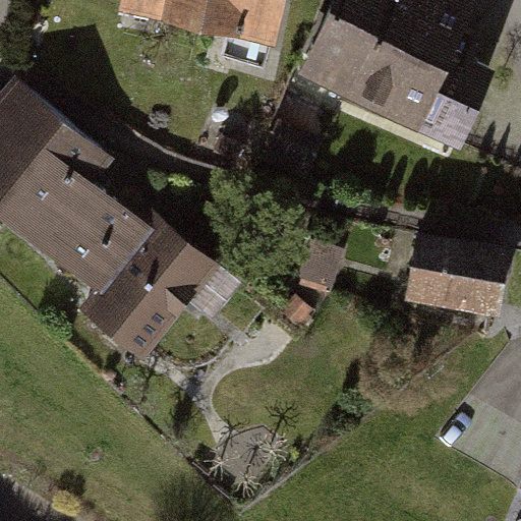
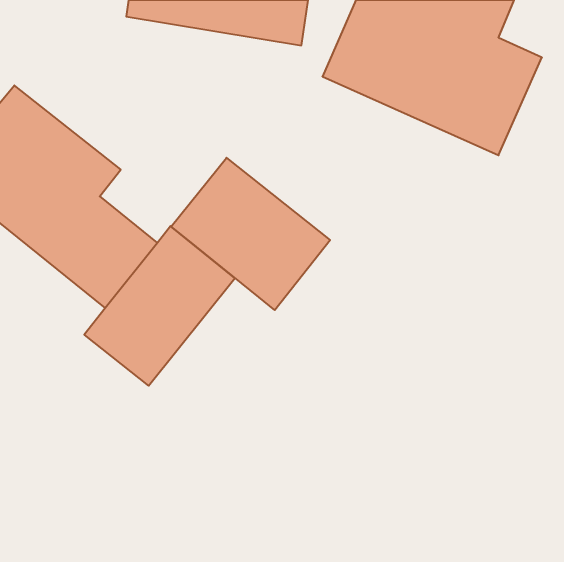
building: none -> [171,158,330,310]
building: [404,234,504,309] -> none

